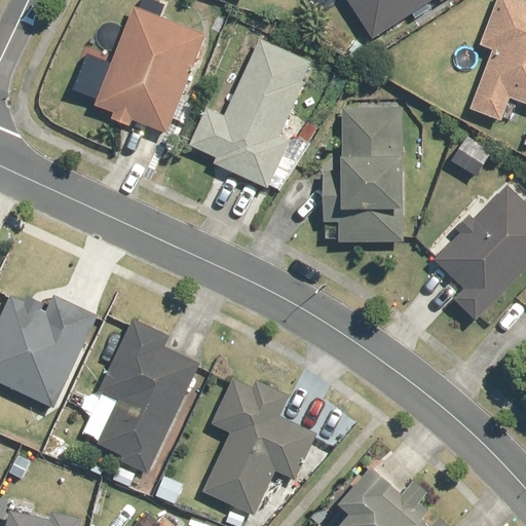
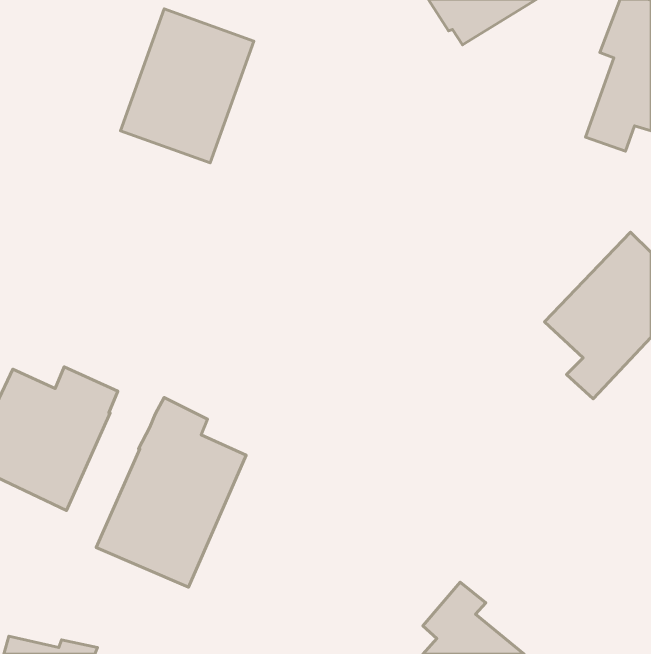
building: [189,40,313,183] -> none
building: [321,108,403,240] -> none
building: [201,379,315,513] -> none

